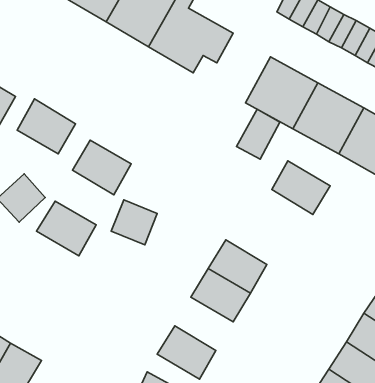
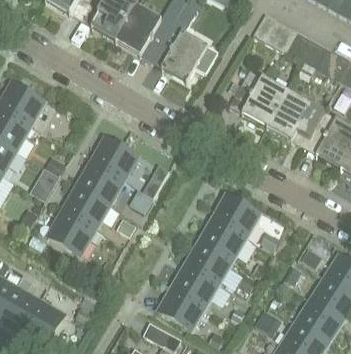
building: [17,99,76,154] -> [76,161,123,205]
building: [237,109,280,159] -> none
building: [272,161,330,214] -> [213,194,260,237]
building: none -> [47,210,95,254]
building: none -> [172,263,219,306]

